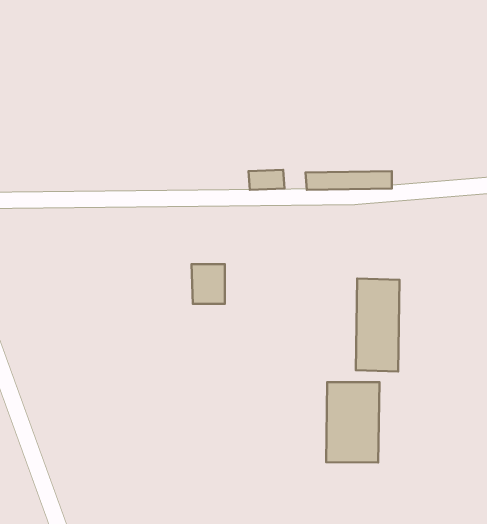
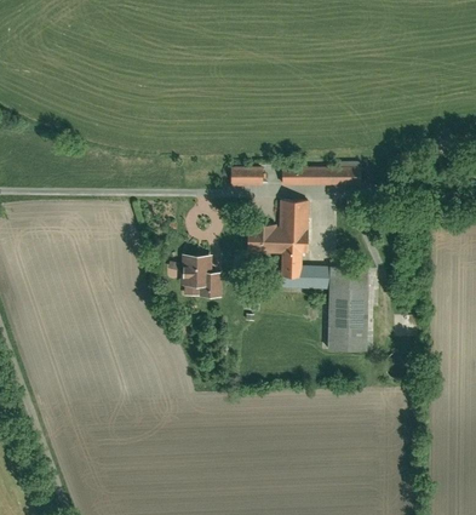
building: none -> [247,201,308,277]
building: [326,382,379,462] -> none

